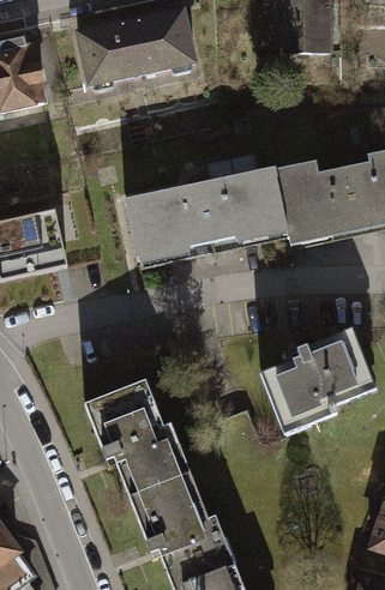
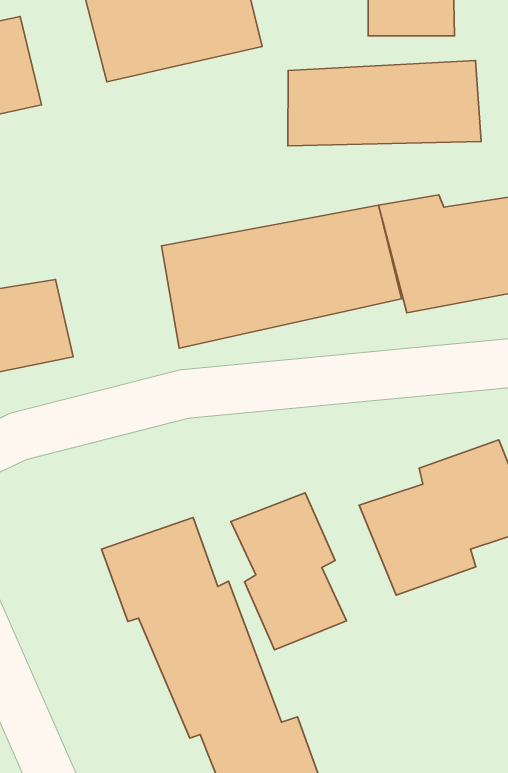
building: none -> [288,61,481,146]
building: none -> [231,493,347,650]

